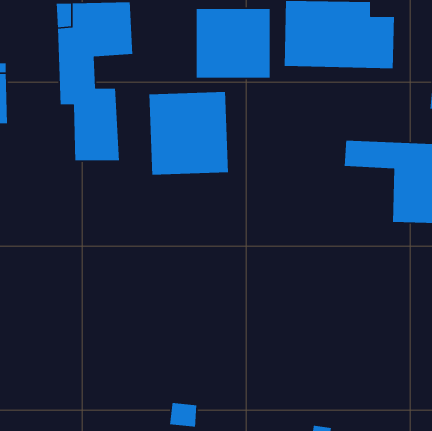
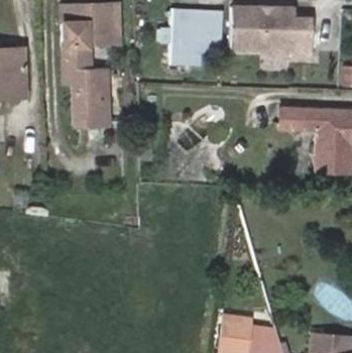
building: [149,91,229,176] -> none

